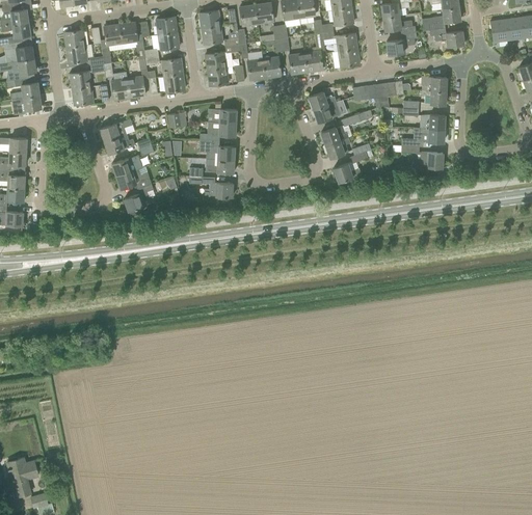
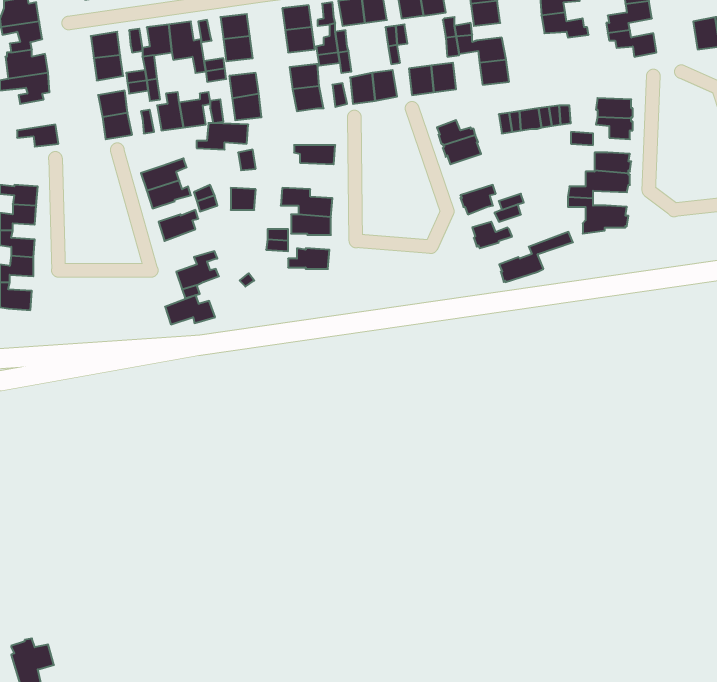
building: [387,31,417,55] -> none
building: [11,77,39,99] -> none
building: [321,109,373,144] -> [499,232,573,282]
building: [200,121,236,140] -> [197,123,248,150]
building: [116,168,152,189] -> [165,295,215,324]

